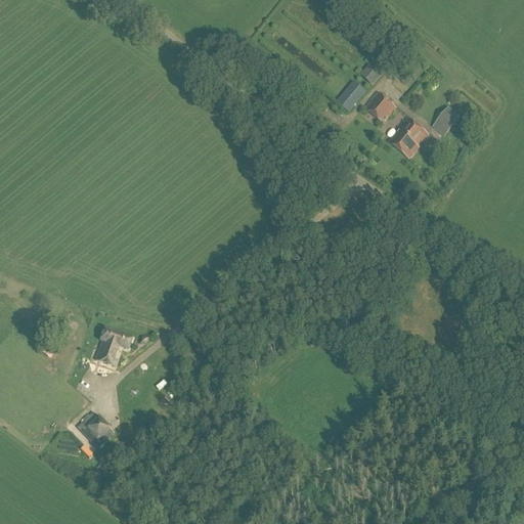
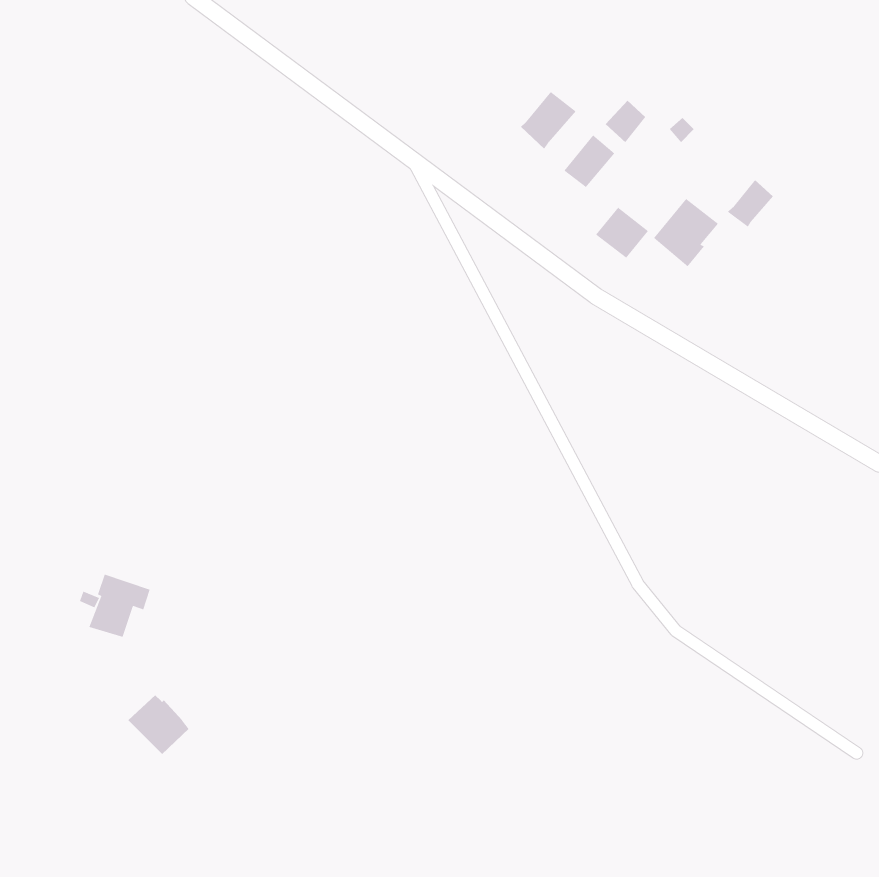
building: none -> [520,91,576,149]
building: [364,92,396,123] -> [595,207,649,259]
building: [94,328,131,365] -> [89,574,151,638]

